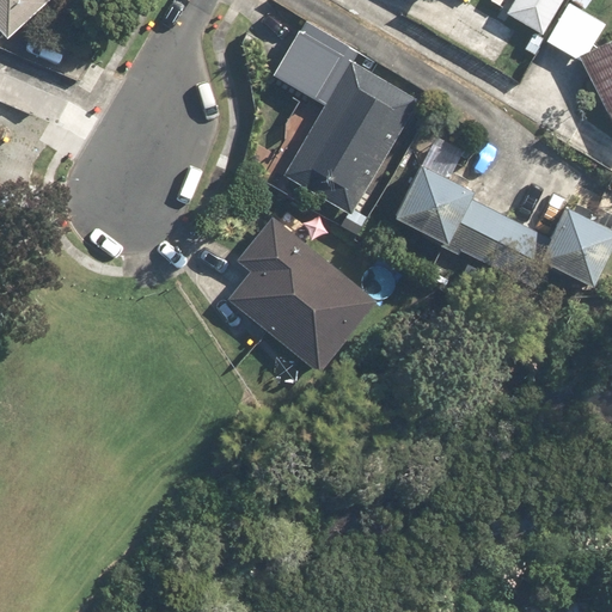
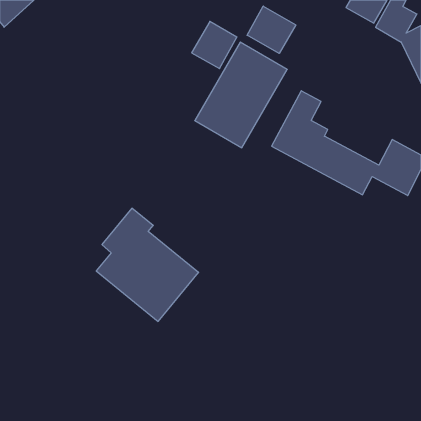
building: none -> [247,6,296,53]
building: [228,208,377,372] -> [96,208,199,321]

